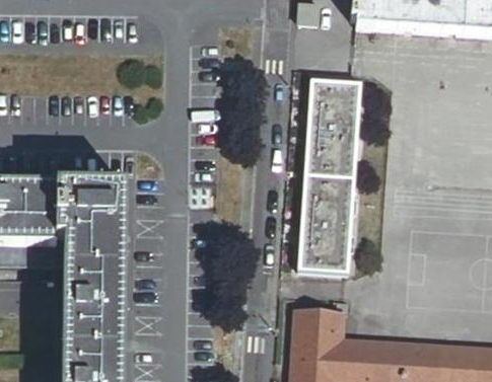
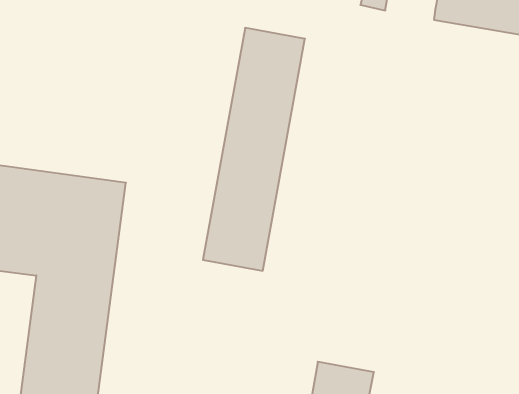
building: [298,82,359,274] -> [203,28,305,271]

